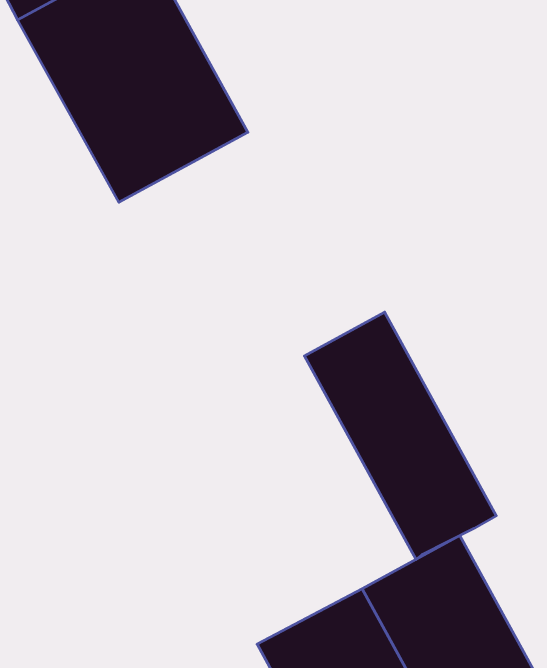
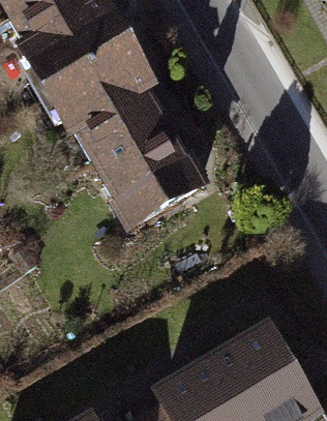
building: none -> [80,91,202,221]
building: [304,312,496,560] -> none

